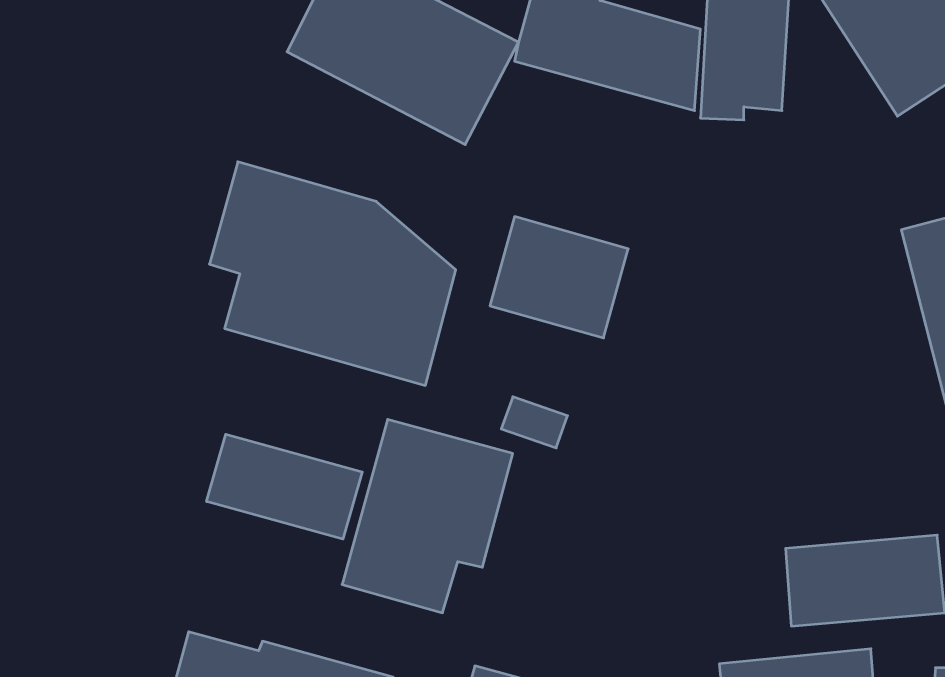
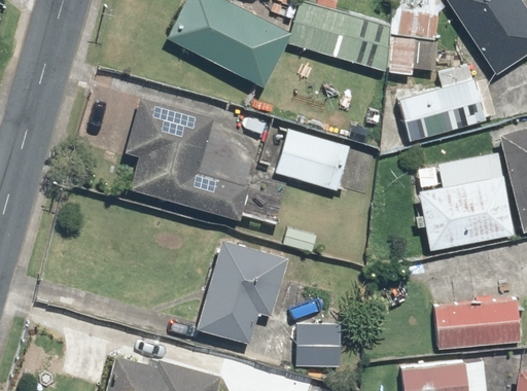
building: none -> [391,66,497,143]
building: none -> [420,152,515,251]
building: [207,434,362,539] -> none
building: none -> [295,324,330,370]

